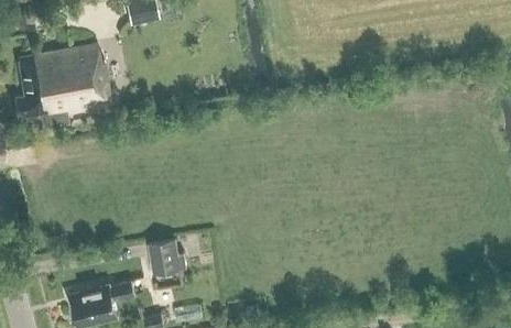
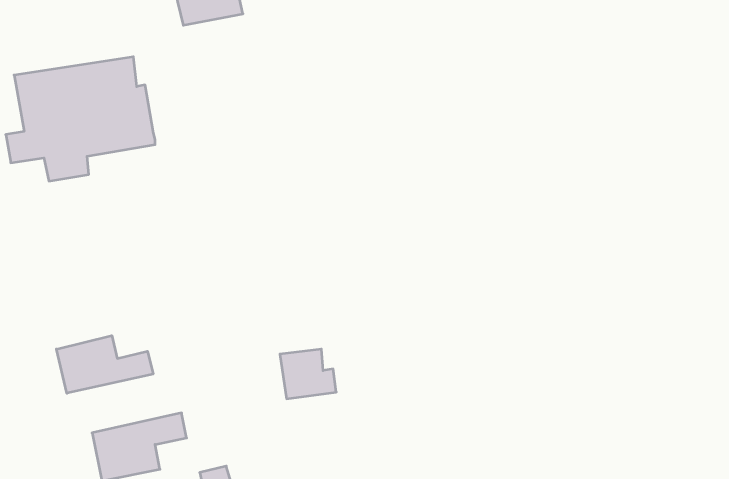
building: none -> [56,336,153,393]
building: [148,242,185,275] -> [280,349,336,399]

